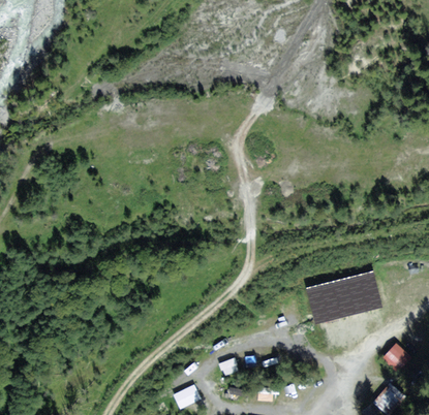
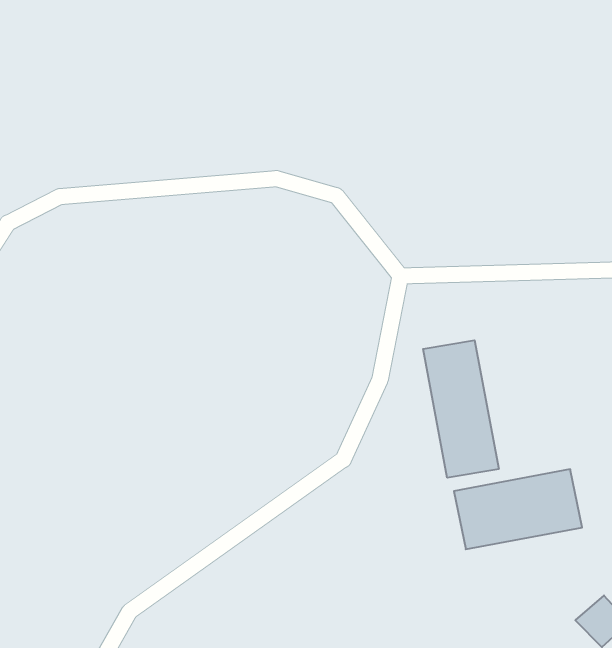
building: none -> [423,340,499,478]

